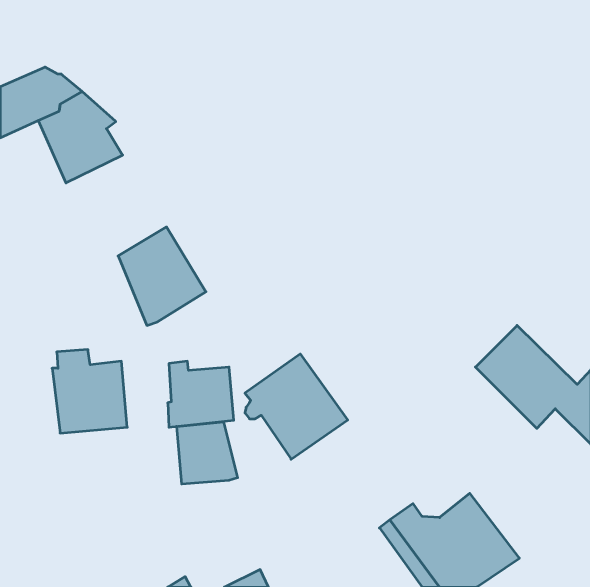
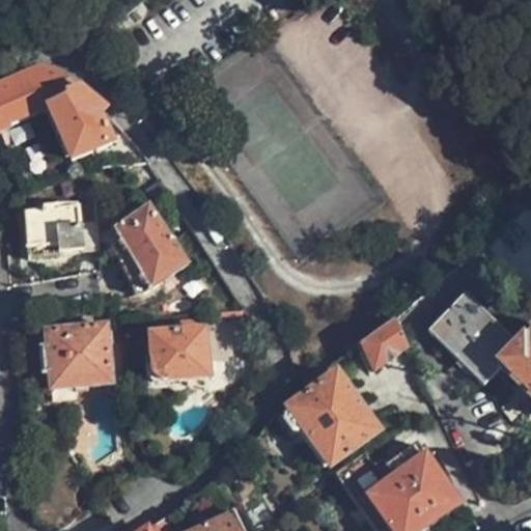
building: none -> [27,201,101,255]
building: [245,354,348,459] -> [292,370,385,465]
building: none -> [361,322,404,367]
building: [177,422,238,484] -> none

